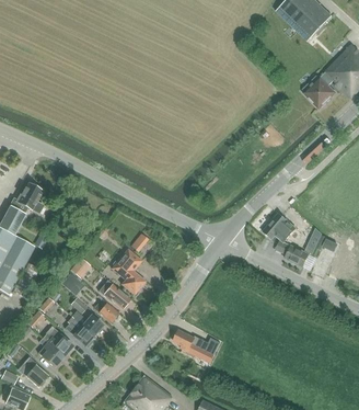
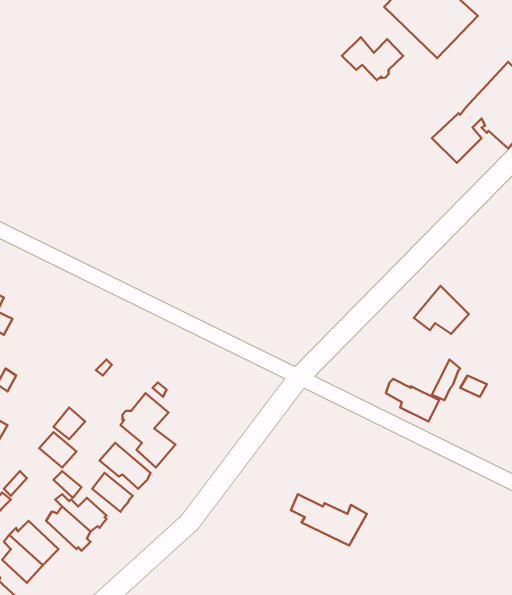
building: none -> [342,37,403,80]
building: [262,212,296,241] -> [414,286,469,334]
building: [174,330,221,362] -> [291,494,367,546]

